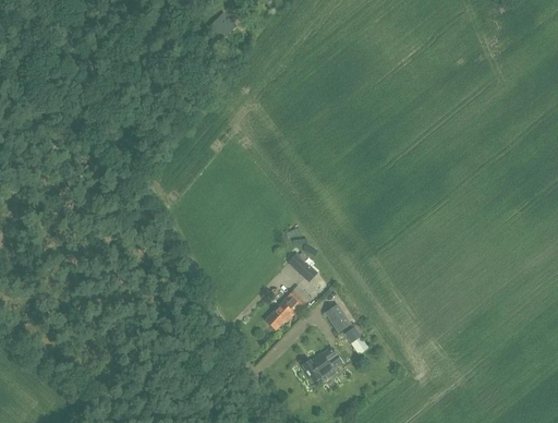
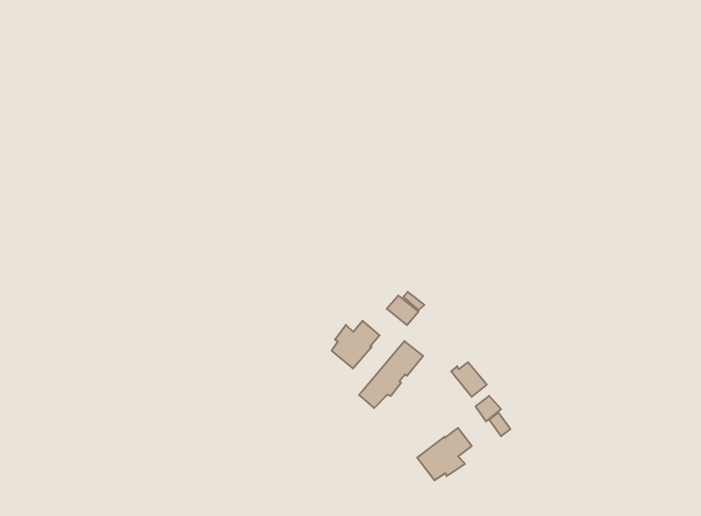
building: none -> [332,321,380,369]

